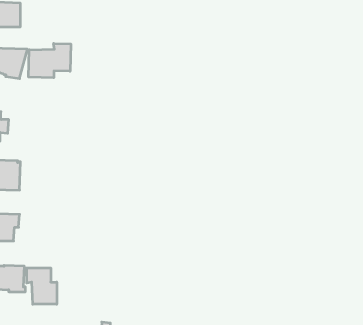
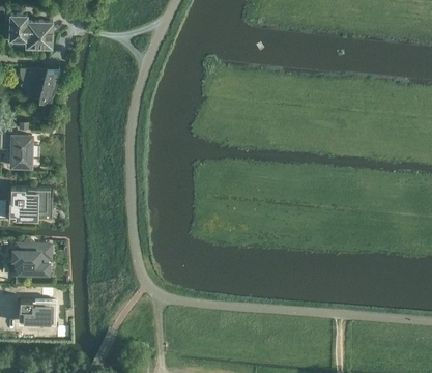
building: [29,43,71,78] -> none
building: [27,268,57,304] -> none

